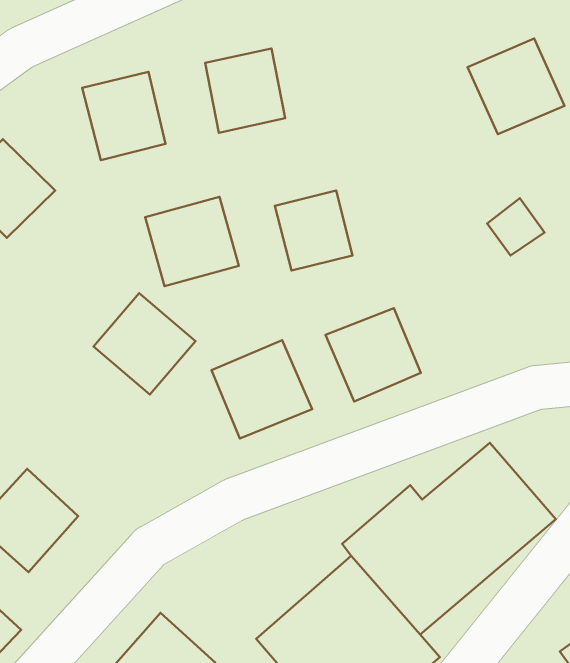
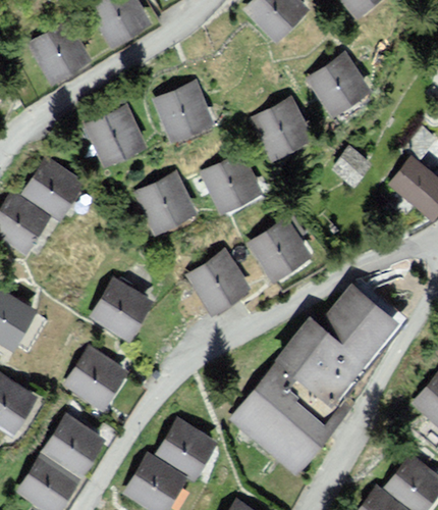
building: none -> [252,99,309,157]
building: [93,293,195,394] -> [92,278,150,336]

